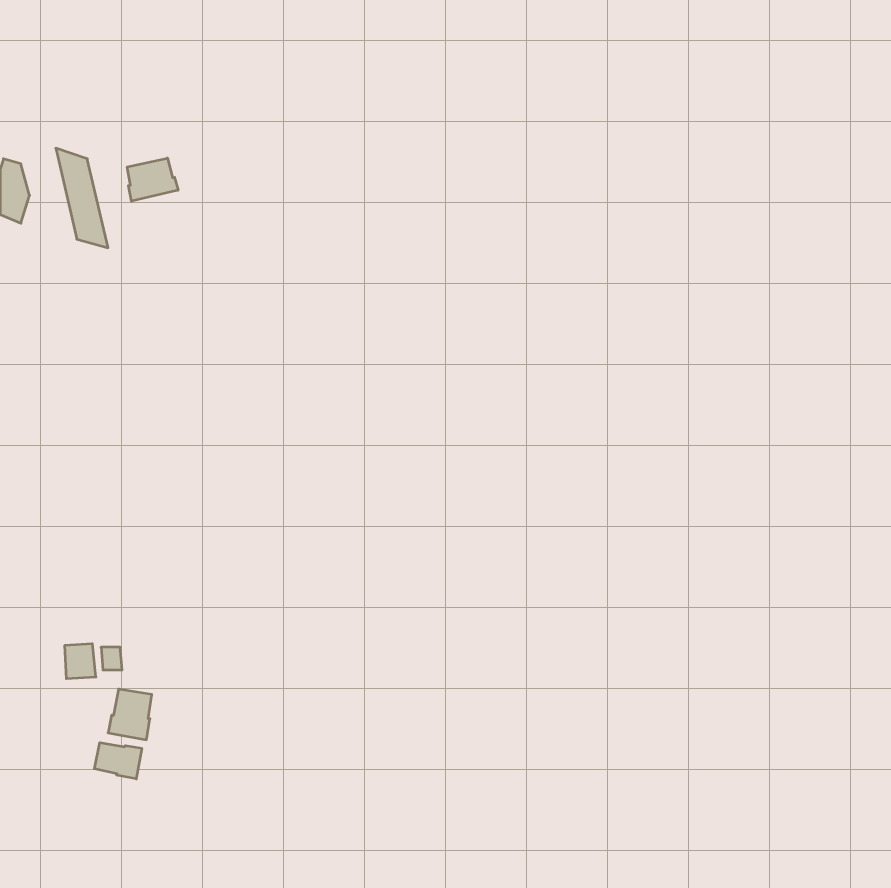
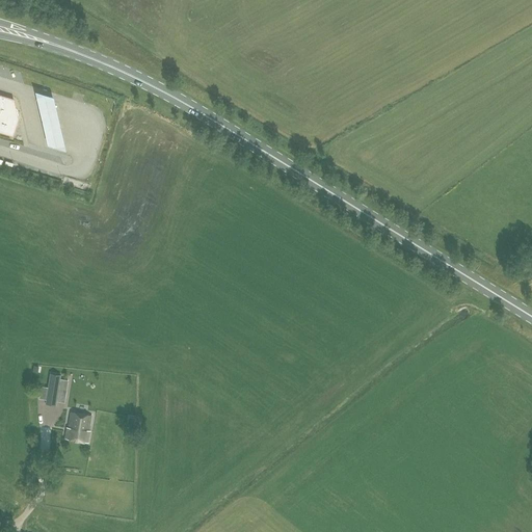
building: [127,158,178,201] -> none
building: [94,743,142,779] -> none

